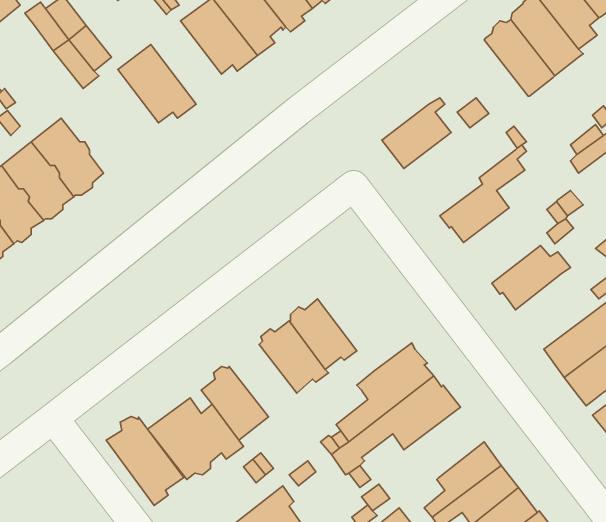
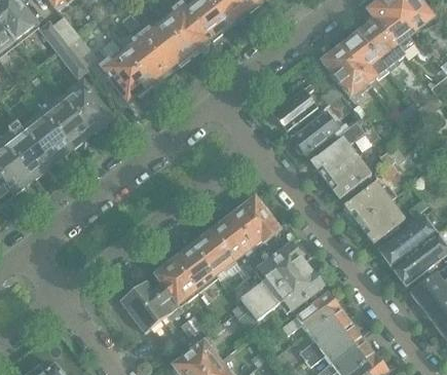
building: none -> [120,33,166,87]
building: none -> [320,45,367,103]
building: none -> [62,80,110,133]
building: none -> [291,110,340,154]
building: none -> [325,155,369,198]
building: none -> [229,196,280,249]
building: none -> [359,198,404,242]
building: none -> [172,245,217,292]
building: none -> [282,291,339,334]
building: [106,416,184,505] -> none

